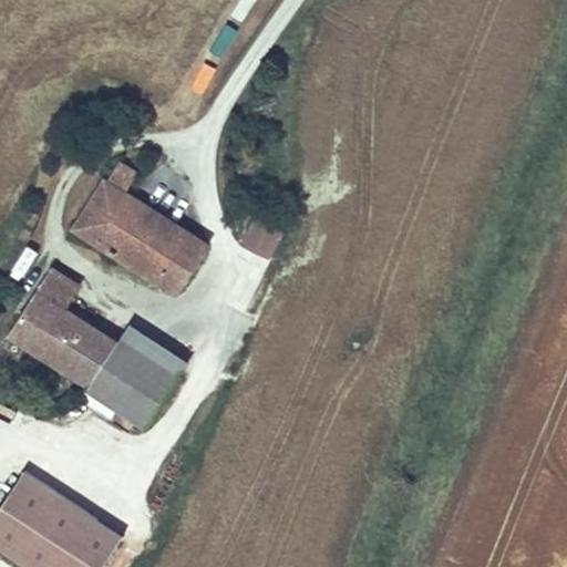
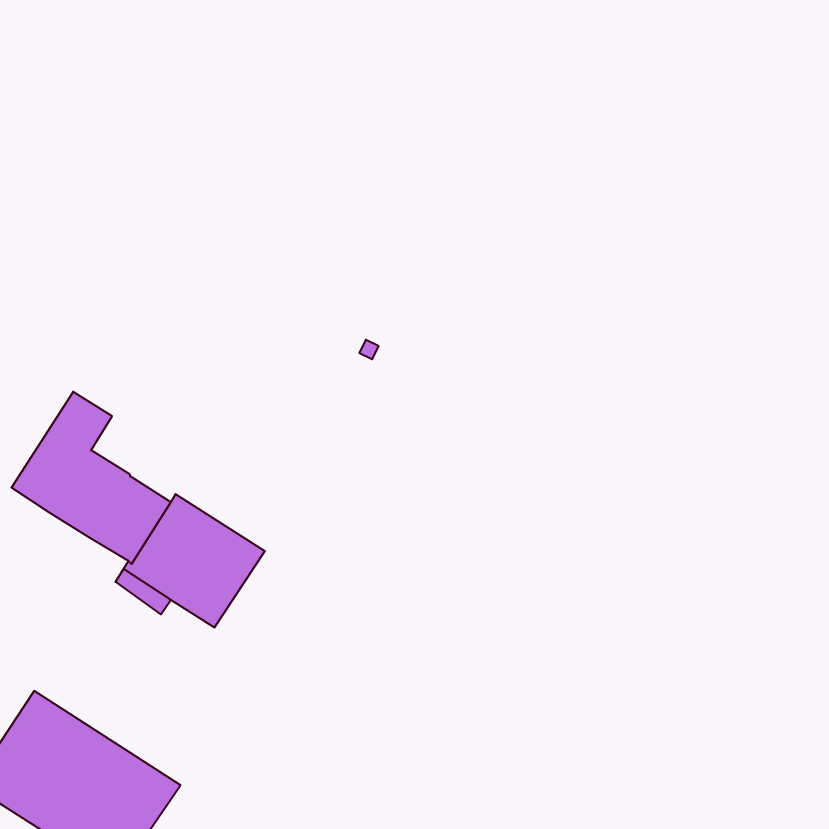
building: [74,164,207,292] -> none

